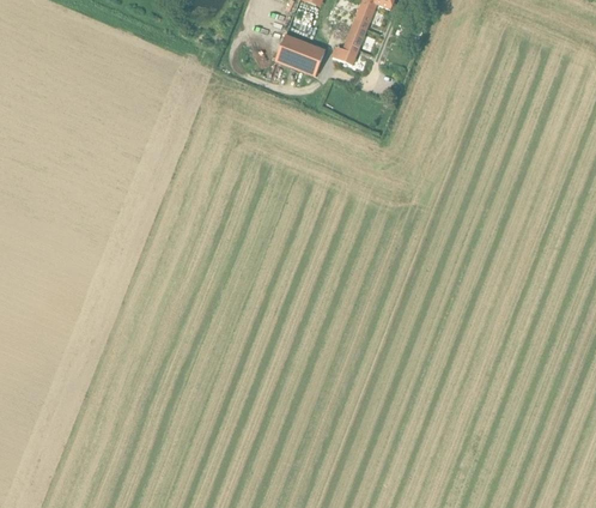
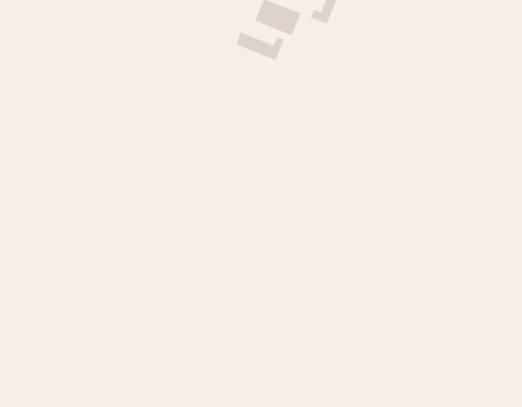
building: none -> [236,32,284,61]

